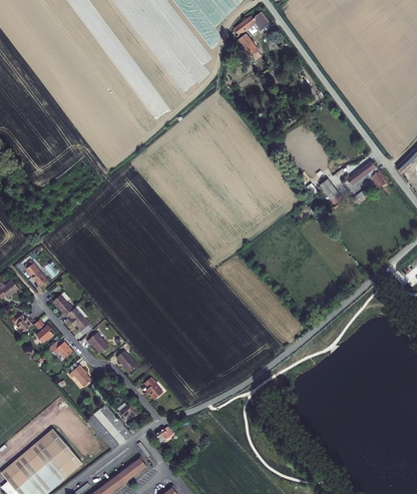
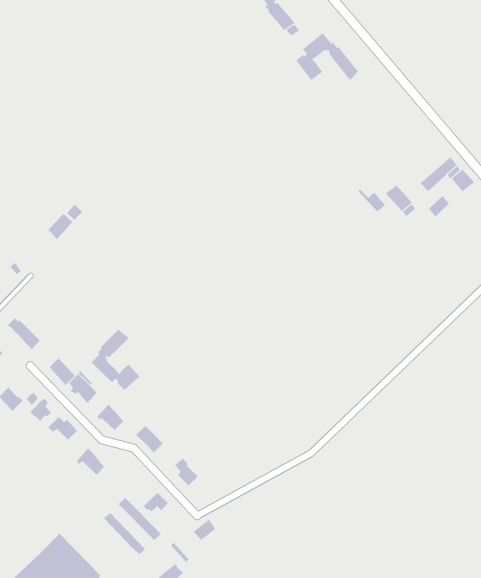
building: none -> [296,32,359,81]
building: none -> [91,329,140,391]

